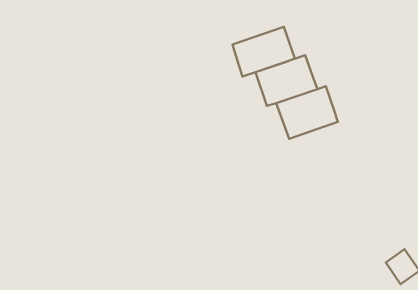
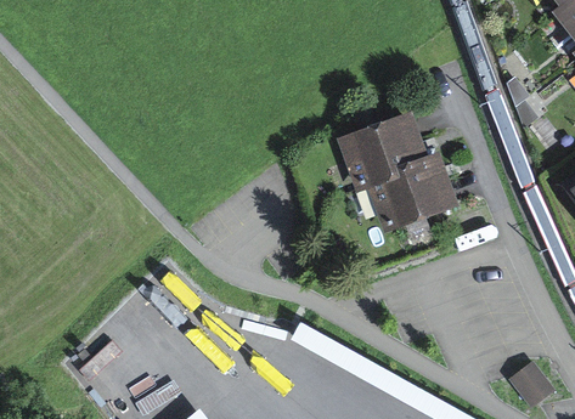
building: [232,27,295,76] -> none

